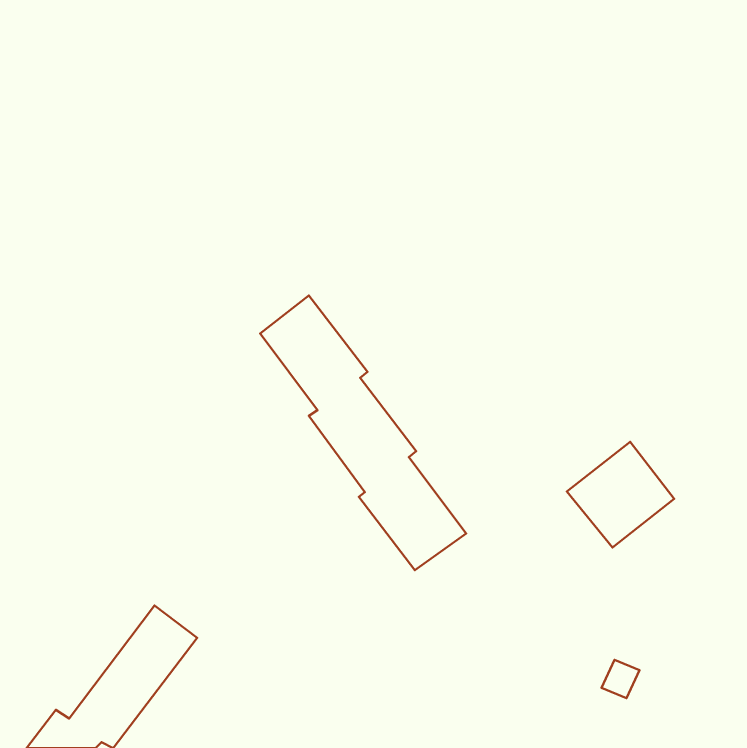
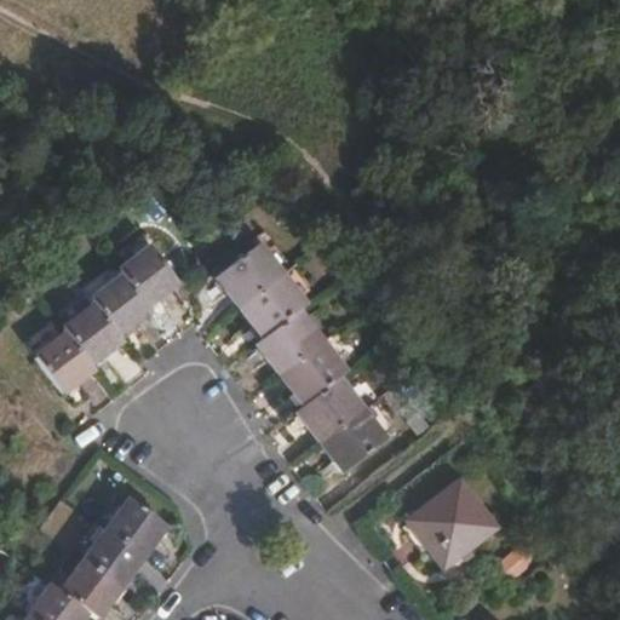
building: none -> [36,246,176,392]
building: [567,442,674,547] -> [409,478,498,566]

